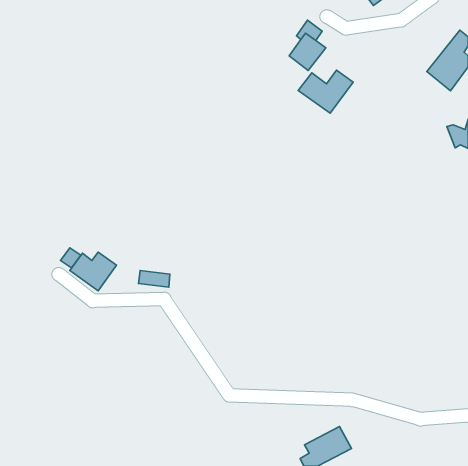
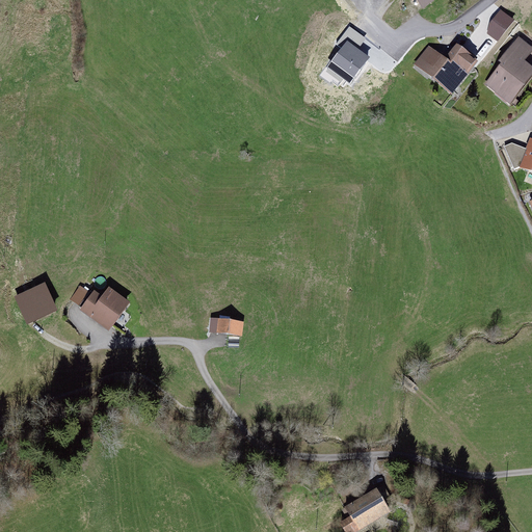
building: none -> [485,6,513,38]
building: [298,70,353,113] -> [413,43,475,91]
building: none -> [15,284,58,325]
building: [138,271,170,287] -> [209,318,244,337]

